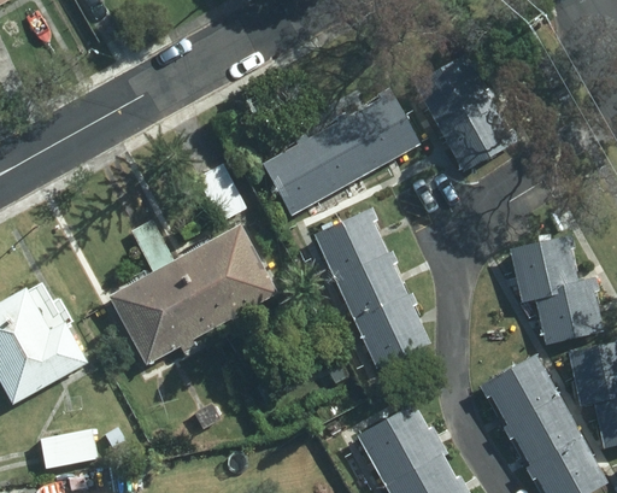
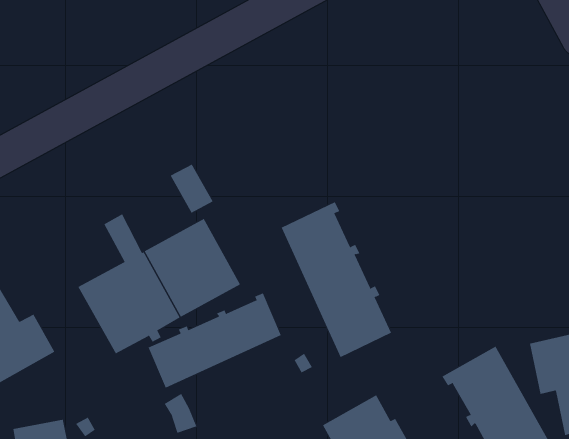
building: [416,54,518,168] -> none
building: [264,94,417,215] -> none
building: [511,235,603,342] -> none
building: none -> [148,293,282,388]

